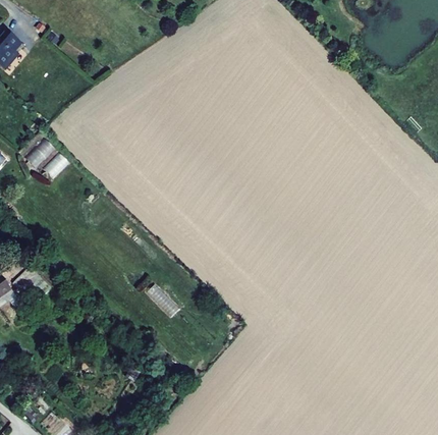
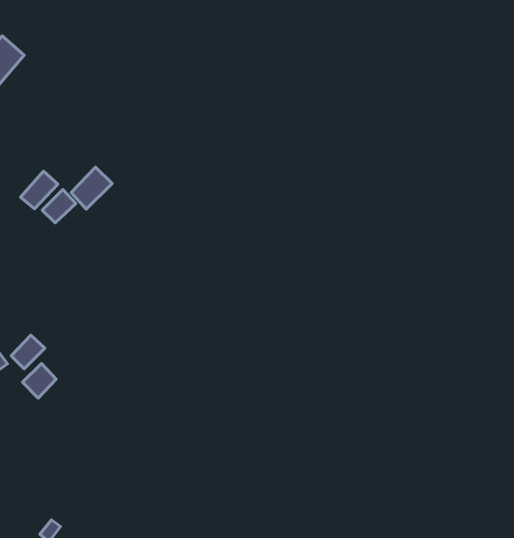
building: none -> [71,167,112,209]
building: none -> [22,363,56,398]

